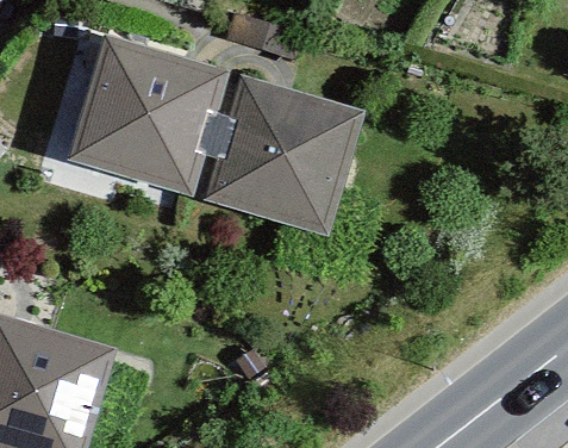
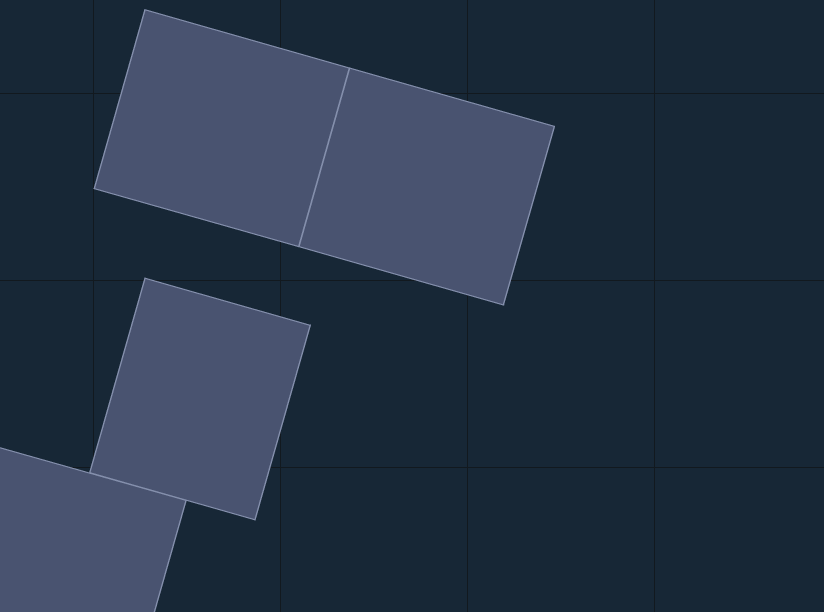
building: none -> [90,278,310,520]

